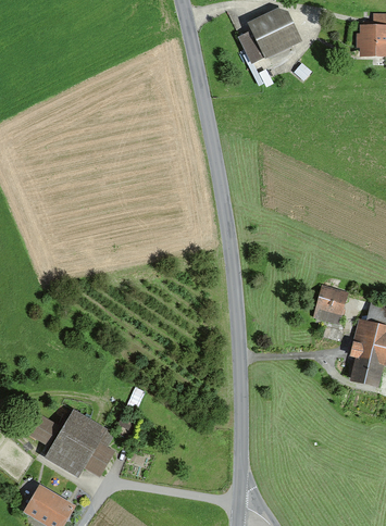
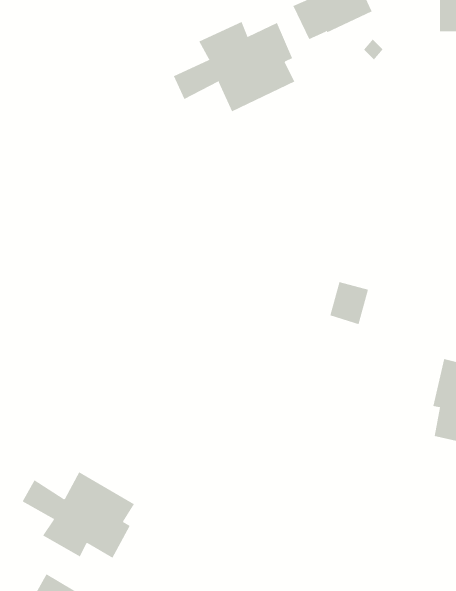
building: none -> [173,21,295,112]
building: [315,289,347,324] -> [329,281,369,325]

